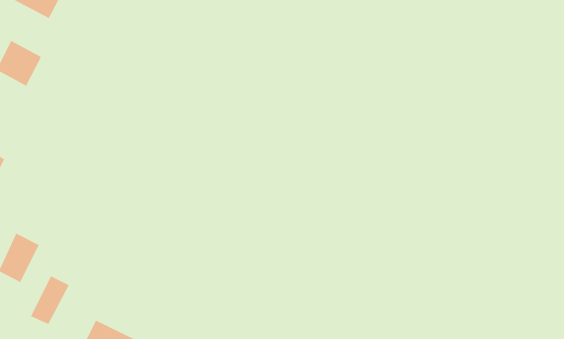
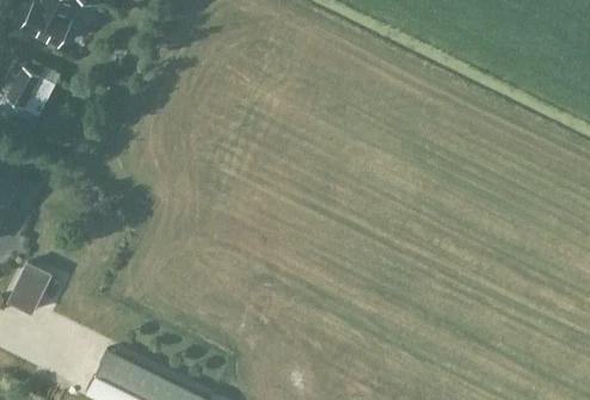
building: [30,275,70,325] -> none

